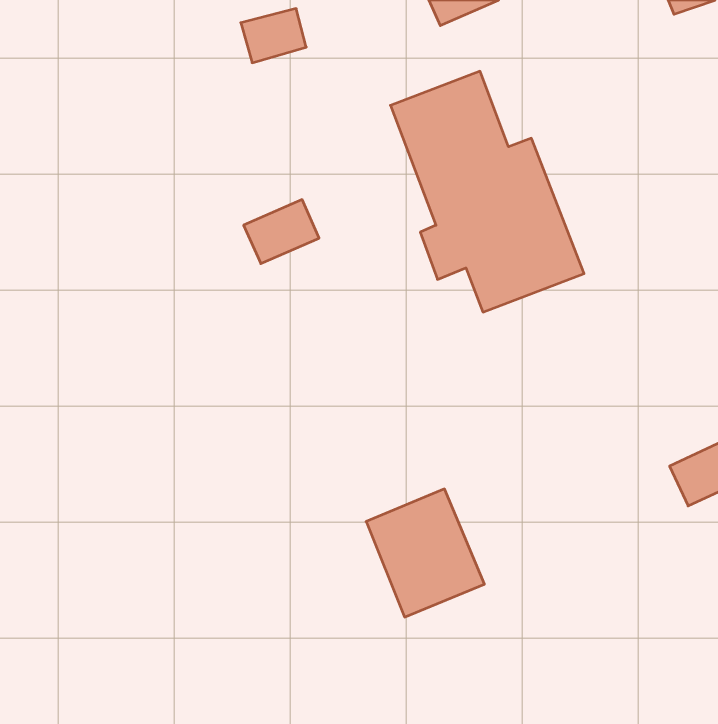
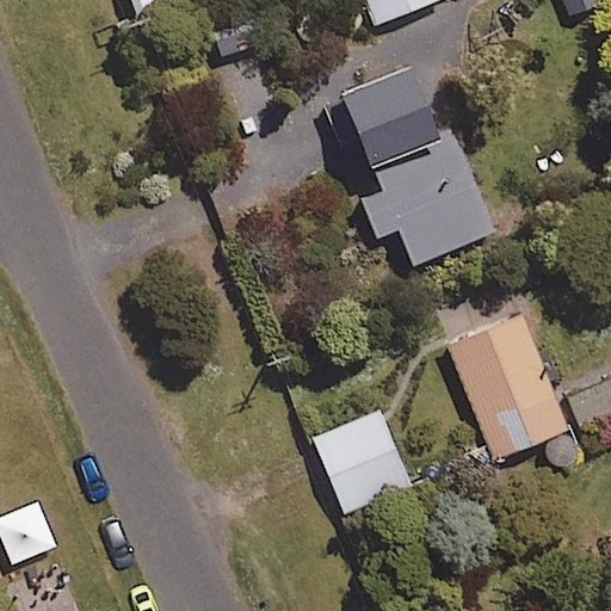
building: none -> [451,317,567,457]

